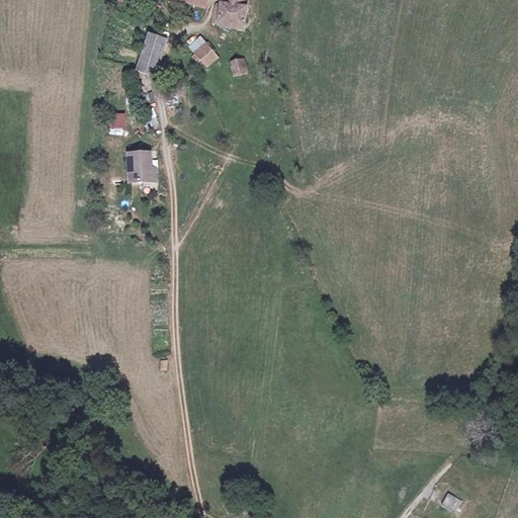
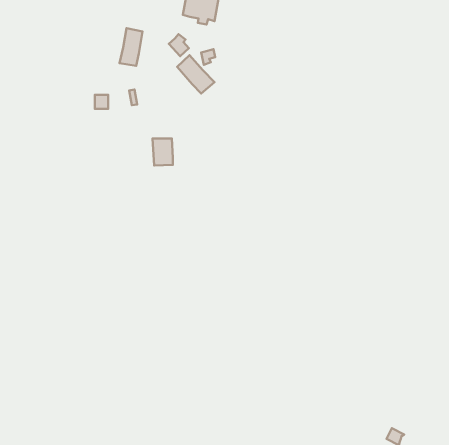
building: none -> [177,55,214,93]
building: [125,157,149,188] -> [152,138,173,166]

